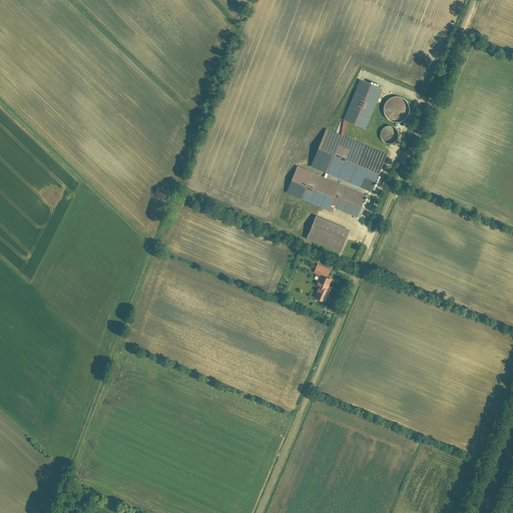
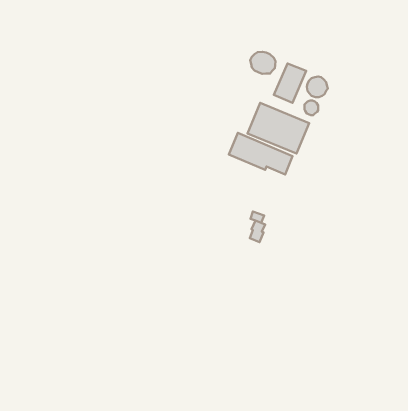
building: none -> [250,52,275,74]
building: [306,214,350,251] -> none

